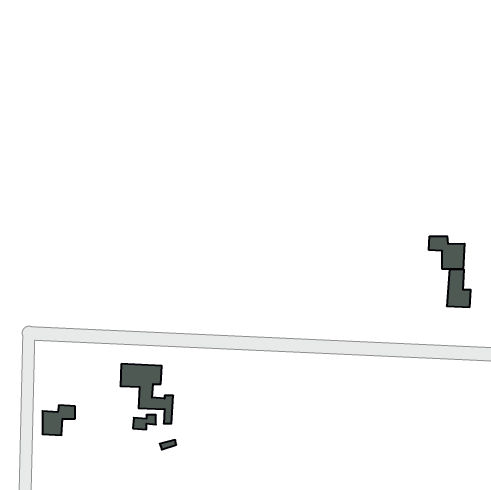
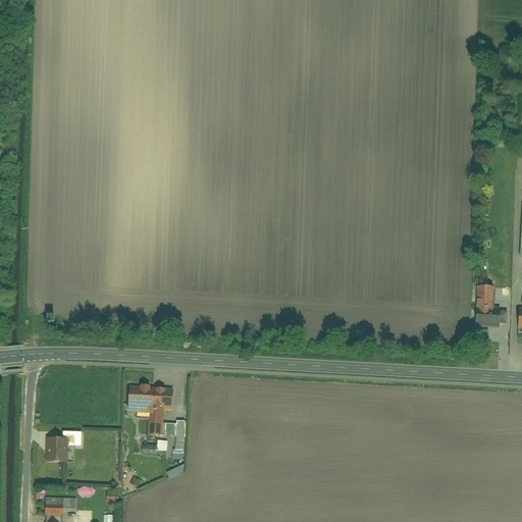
building: [429,236,465,269] -> none
building: none -> [44,497,75,513]

